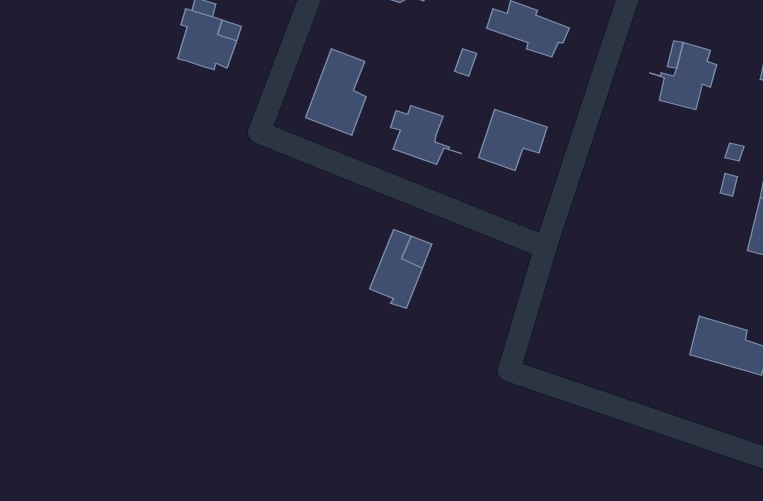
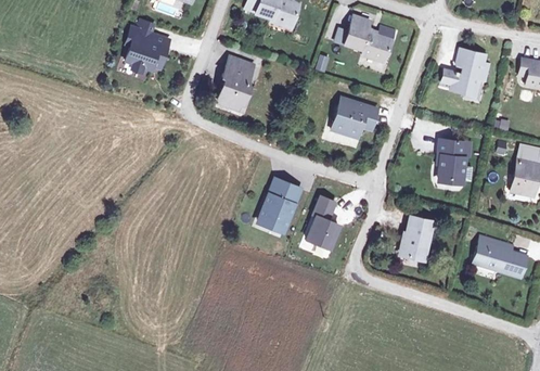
building: [391,106,461,164] -> none
building: none -> [439,140,466,184]
building: none -> [304,196,336,248]
building: none -> [403,216,434,260]

